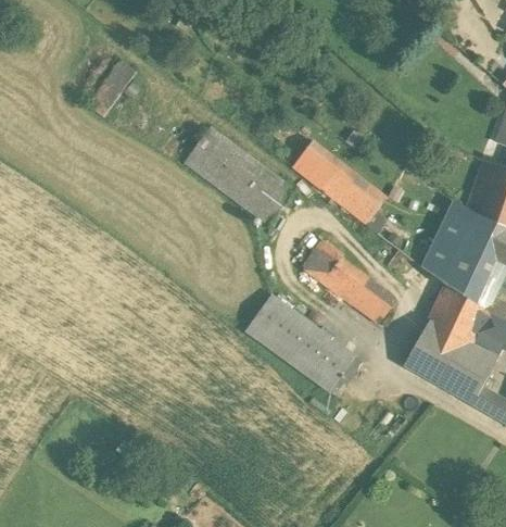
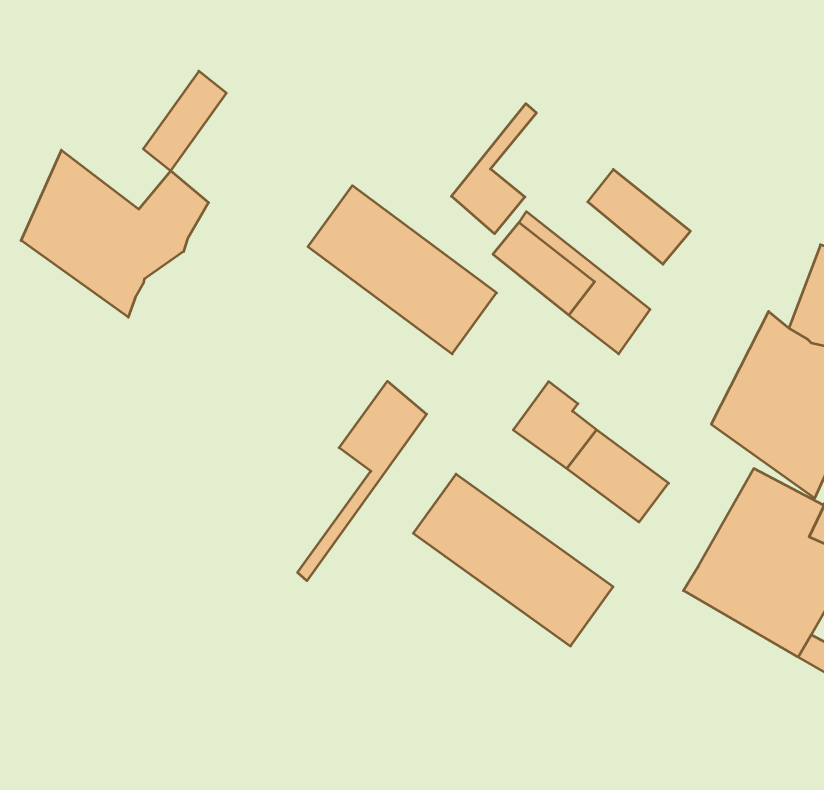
building: none -> [451,104,536,234]
building: none -> [21,150,209,317]
building: none -> [588,169,690,264]
building: none -> [298,381,427,581]

